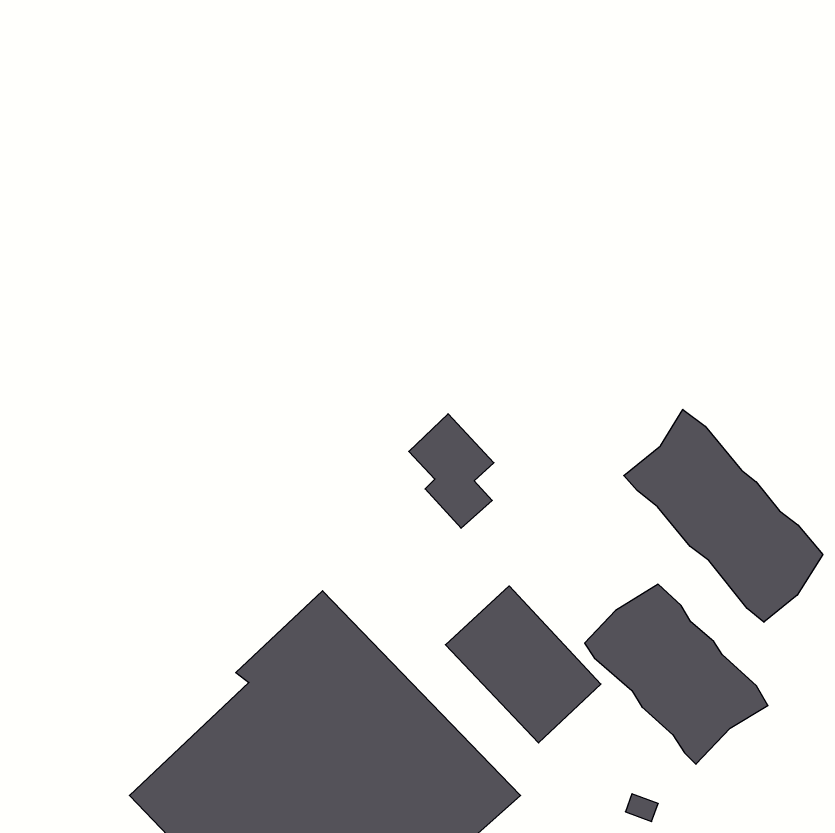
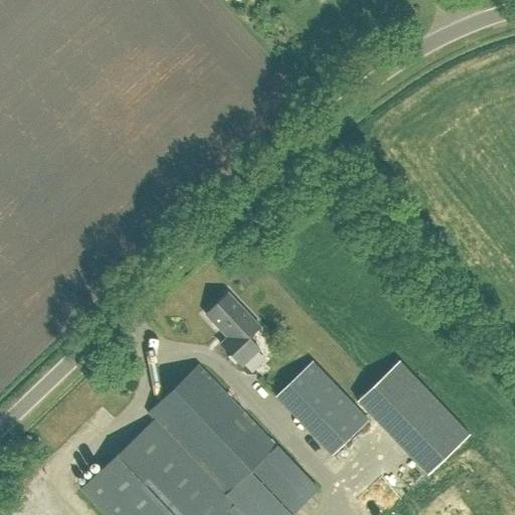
building: [624,409,823,622] -> none
building: [409,414,494,528] -> [210,299,263,369]

